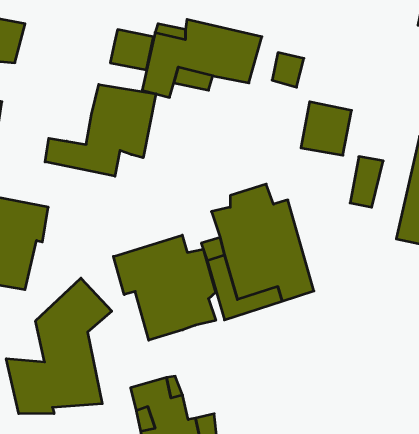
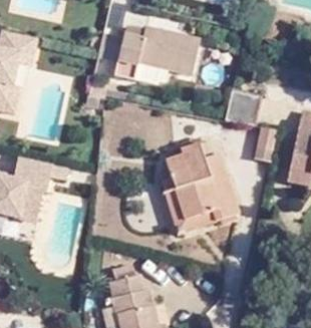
building: [45,84,156,176] -> none
building: [113,235,216,340] -> none
building: [6,278,112,414] -> none

